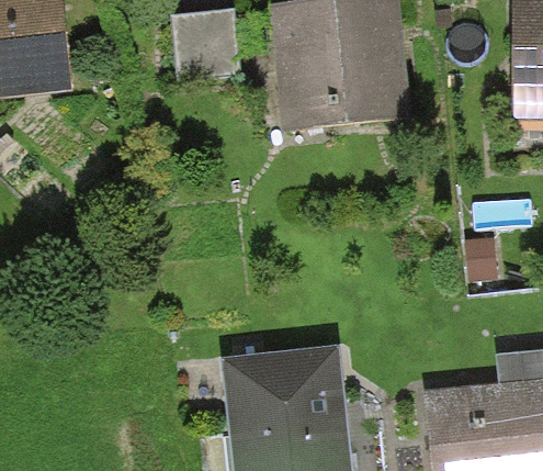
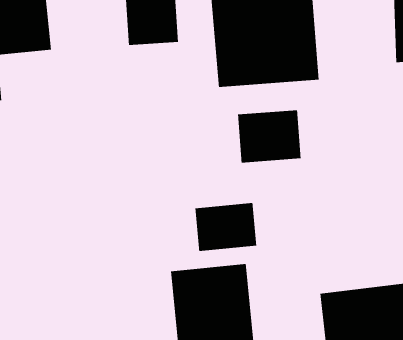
building: none -> [237,109,301,163]
building: none -> [195,202,257,252]

